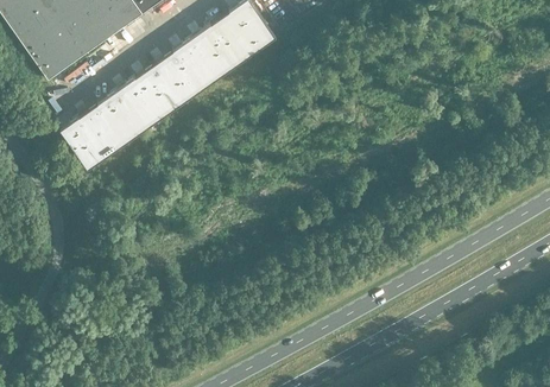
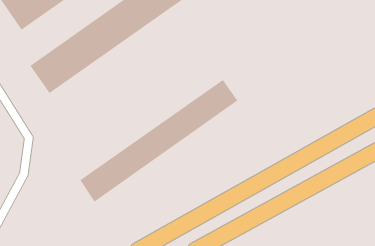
building: none -> [79,79,238,202]

